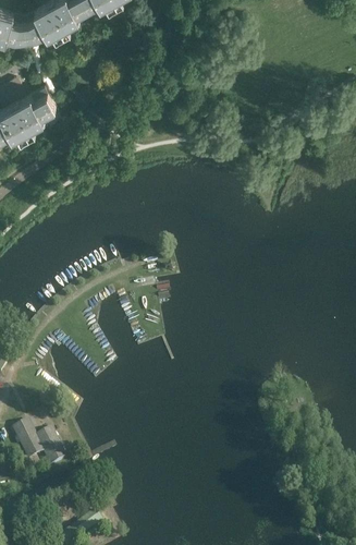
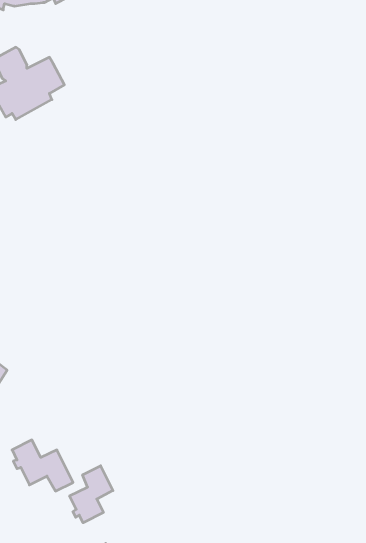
building: none -> [70,466,113,523]

